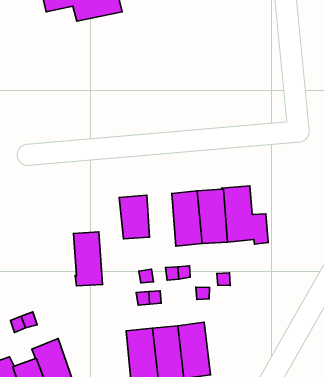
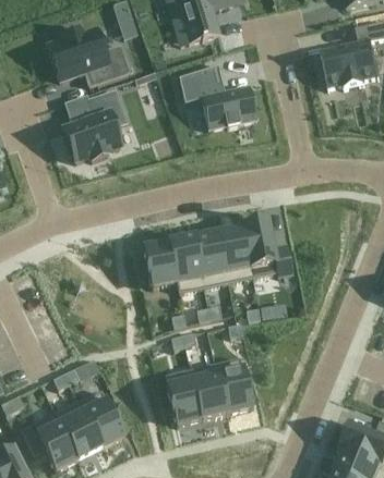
building: none -> [177,63,255,130]
building: none -> [61,89,127,163]
building: [74,232,103,286] -> [168,237,202,292]

